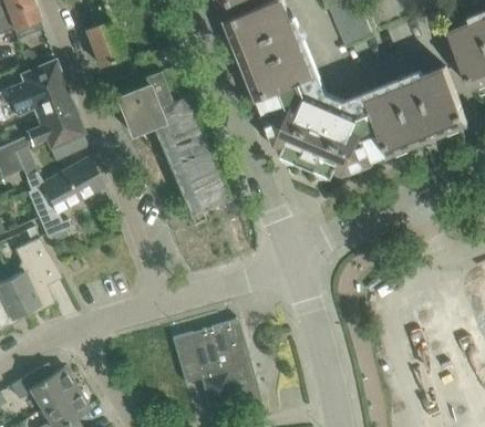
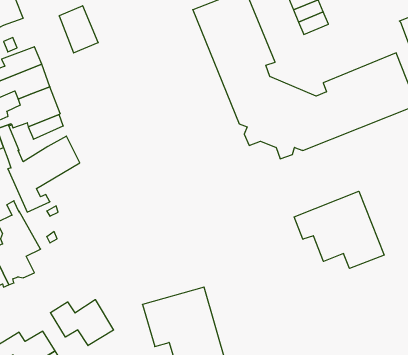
building: [112,76,228,215] -> none
building: none -> [294,191,384,268]
building: none -> [50,300,114,346]

